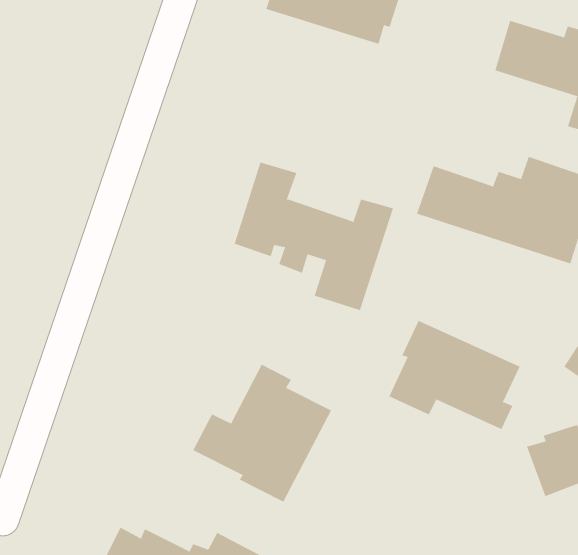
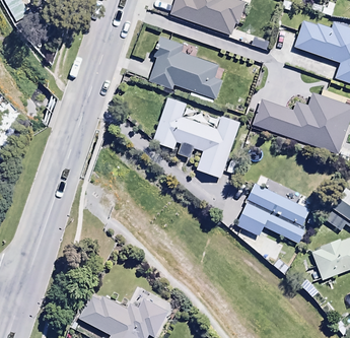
building: none -> [151,37,222,98]
building: [192,364,332,502] -> none

